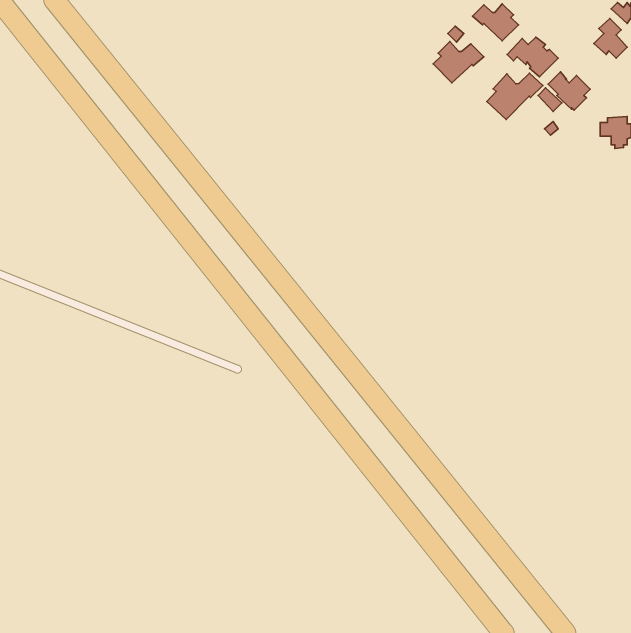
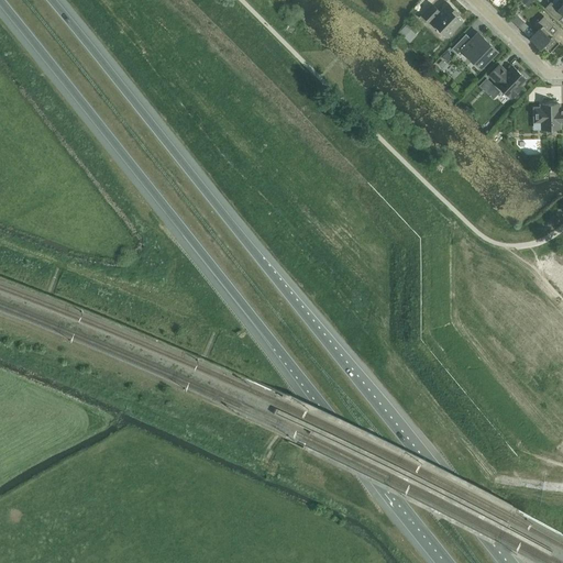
building: [433,41,484,83] -> none
building: [487,73,543,119] -> none

